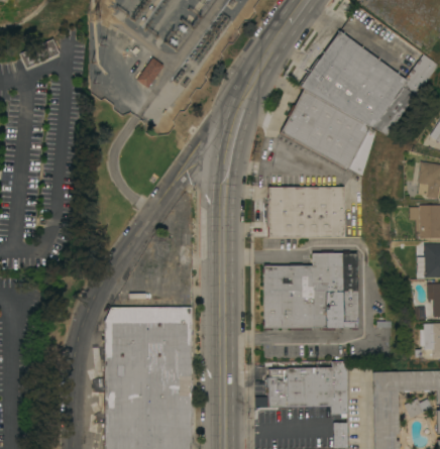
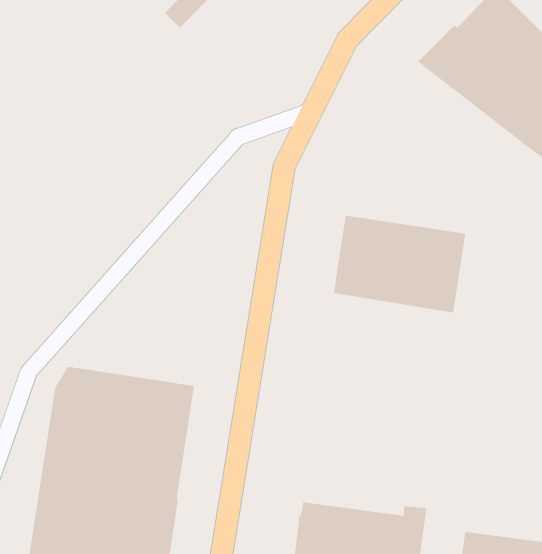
building: [280,88,377,176] -> none
building: [263,252,357,327] -> none

